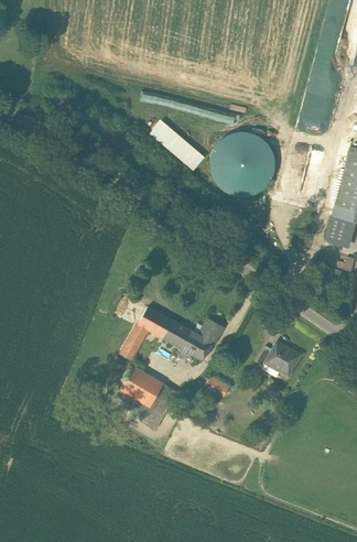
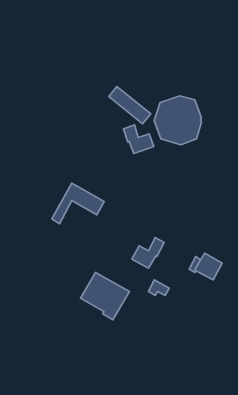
building: none -> [124,125,154,154]
building: [121,306,191,360] -> [52,183,104,224]

